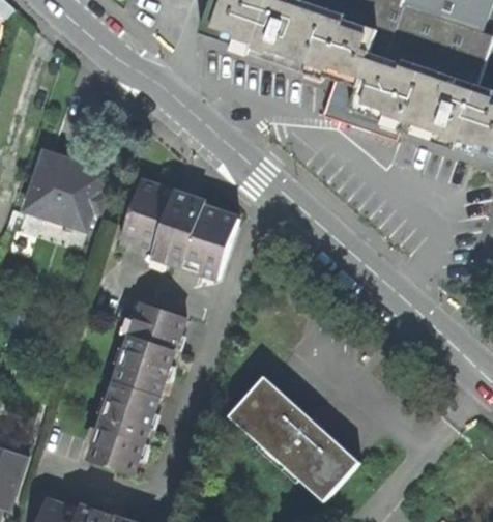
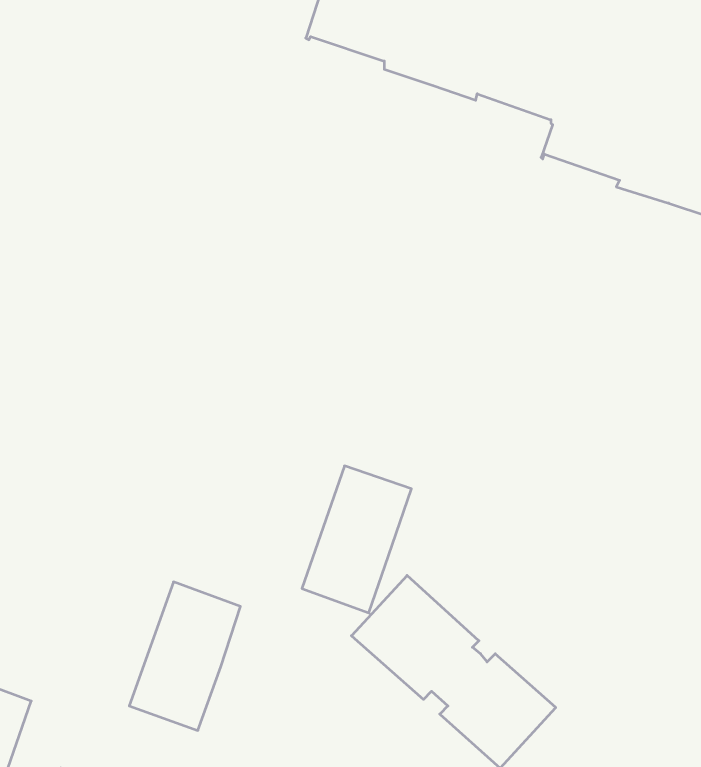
building: [23,152,106,230] -> none
building: [120,181,237,279] -> none
building: [116,302,185,396] -> [302,466,411,613]

